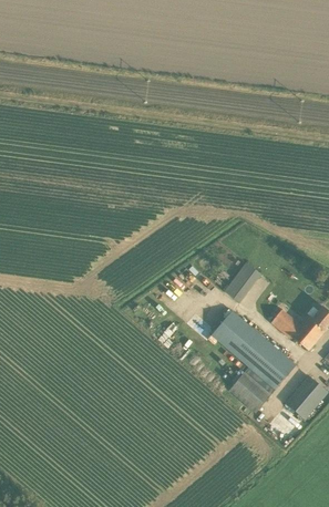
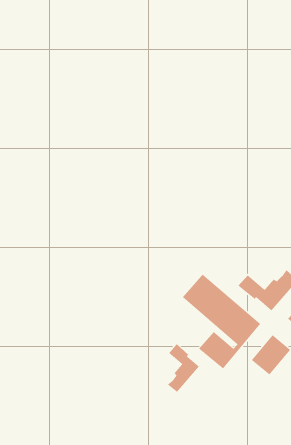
building: [218,261,260,306] -> none
building: none -> [167,343,200,393]

